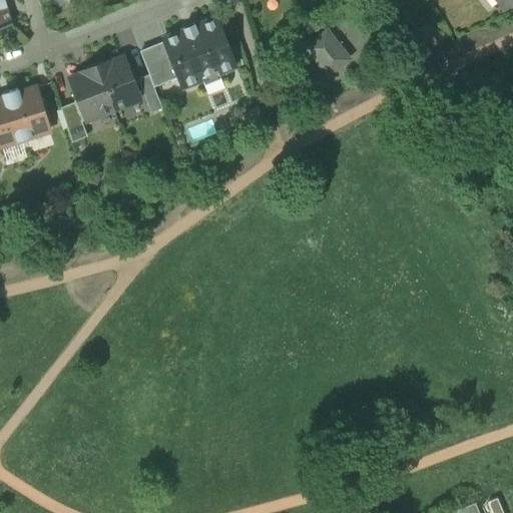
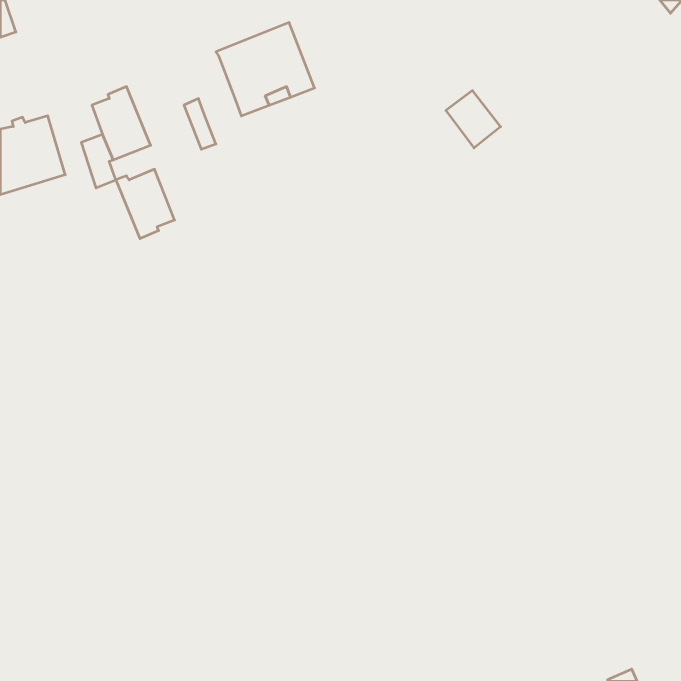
building: [308,32,349,75] -> [446,91,501,148]
building: [140,42,177,85] -> none
building: [95,57,139,109] -> [116,169,175,239]

